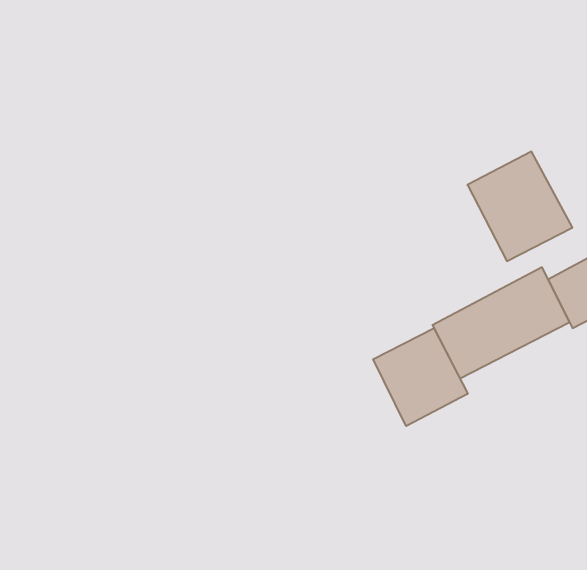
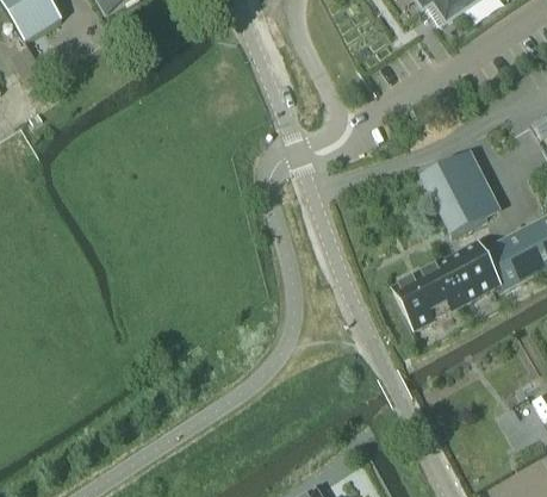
building: [373,328,468,426] -> none

